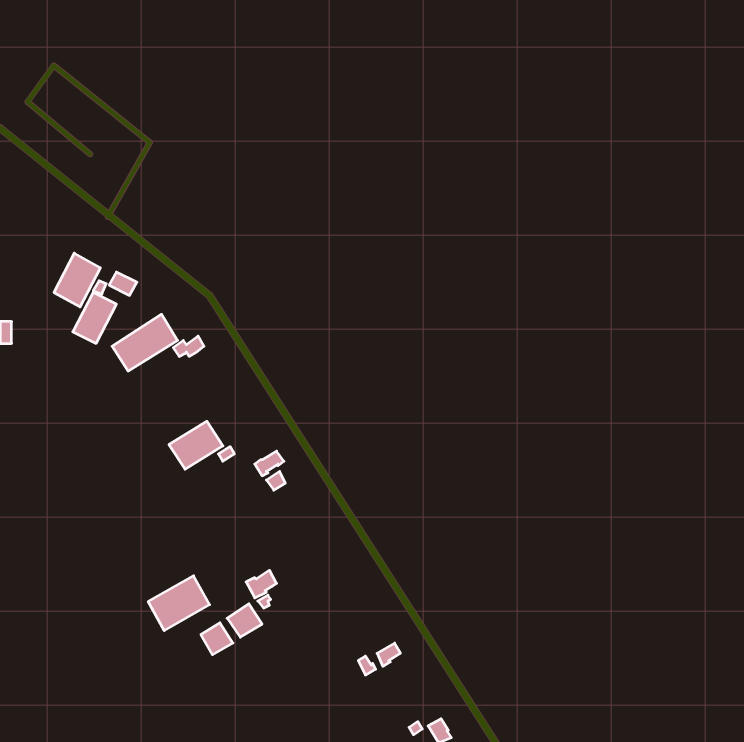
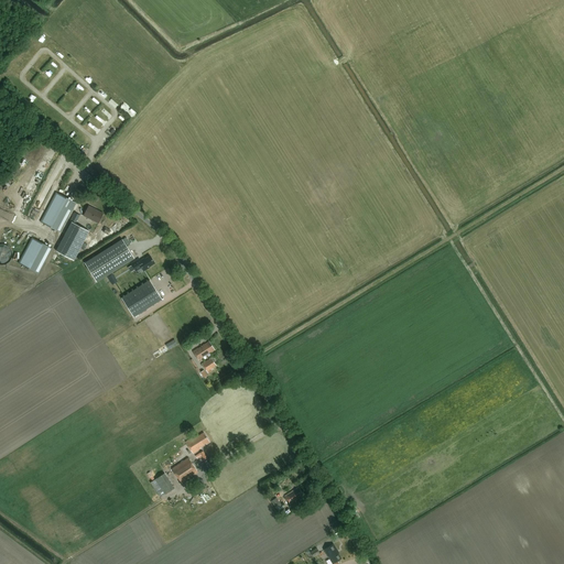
building: none -> [19,237,52,273]
building: [169,421,223,469] -> [121,280,162,316]
building: [148,576,210,631] -> none

